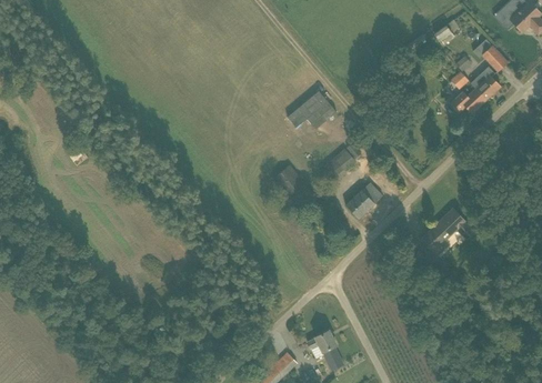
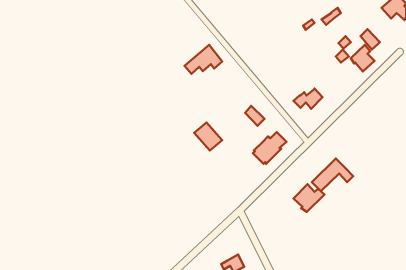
building: [450,88,486,113] -> [293,88,322,109]
building: [288,89,335,125] -> [184,45,222,74]
building: none -> [294,184,324,212]

